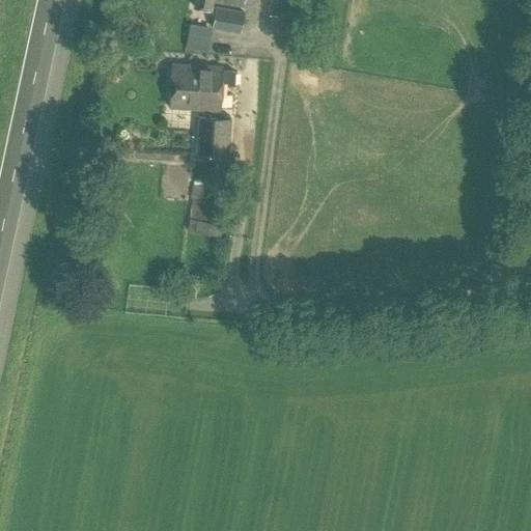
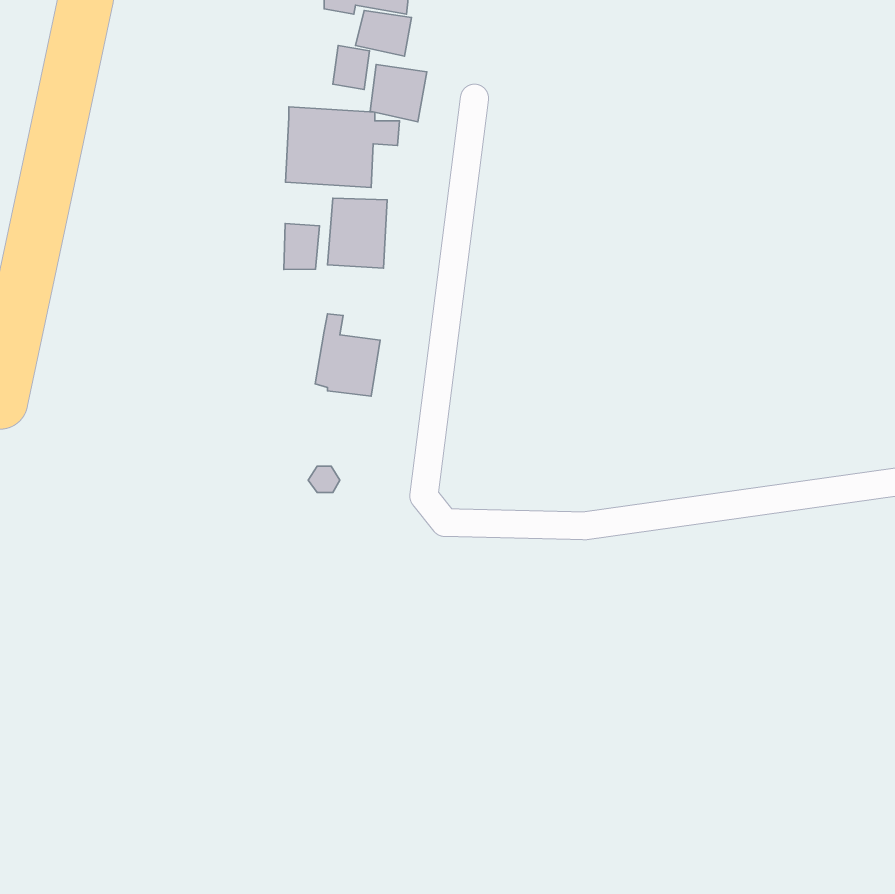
building: none -> [370,65,427,122]
building: none -> [284,224,320,269]

